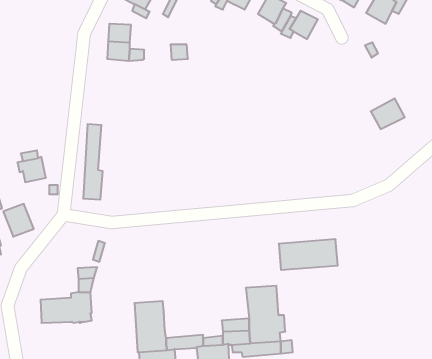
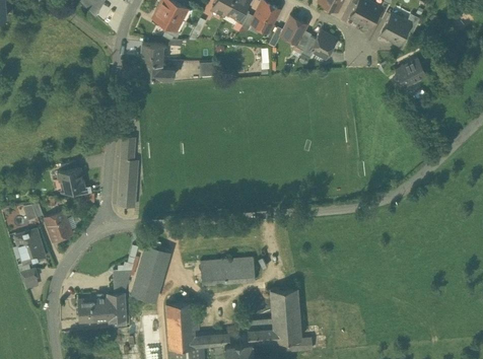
building: [371,99,405,129] -> [395,57,426,85]
building: [279,239,338,270] -> [200,258,255,286]
building: none -> [131,245,168,301]

